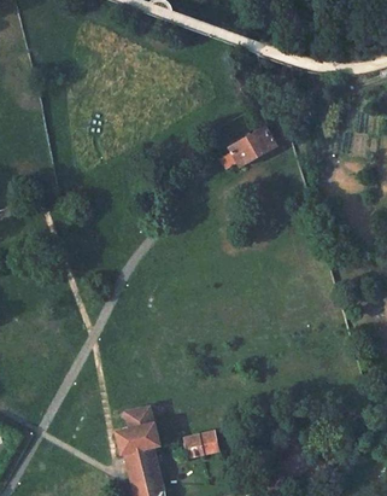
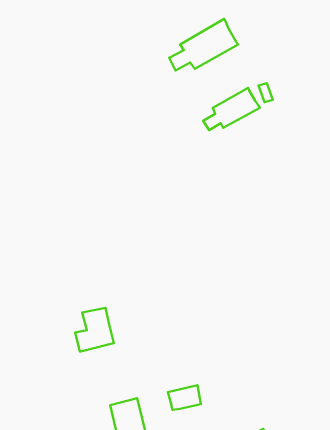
building: none -> [169,19,238,70]
building: [117,407,157,451] -> [75,308,114,351]

